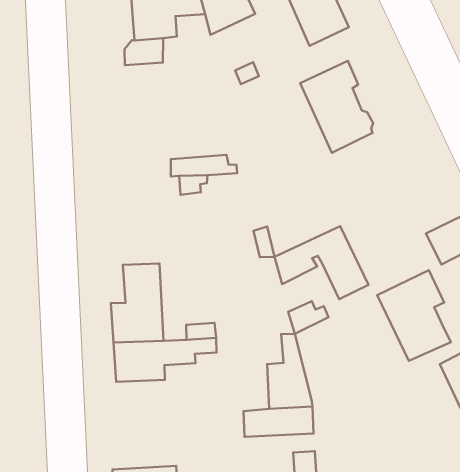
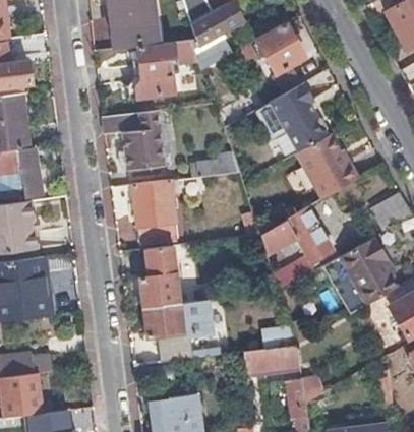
building: none -> [103,111,163,170]
building: none -> [295,134,359,200]
building: none -> [132,181,177,244]

